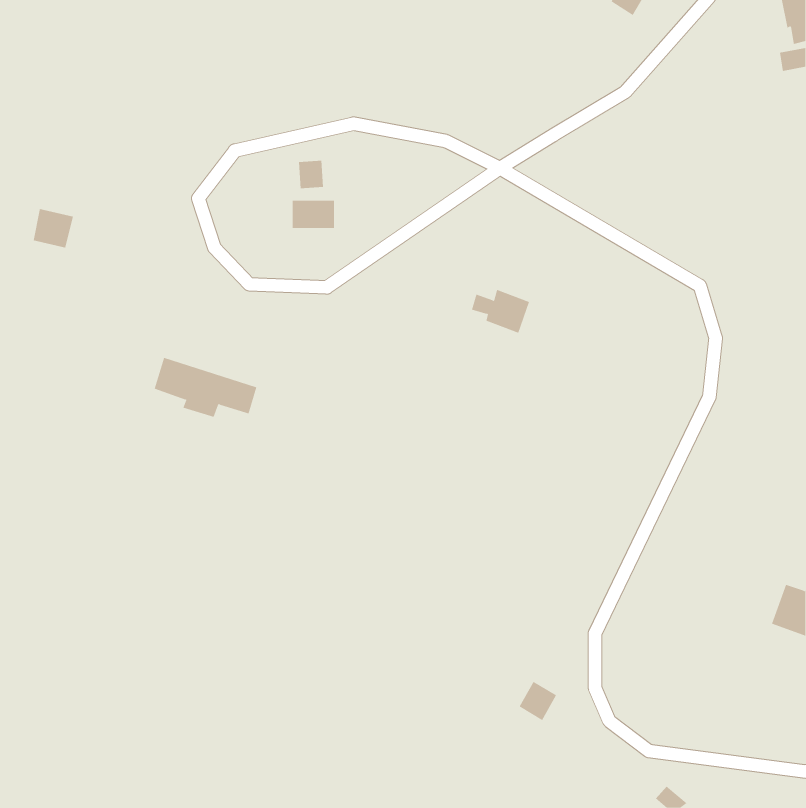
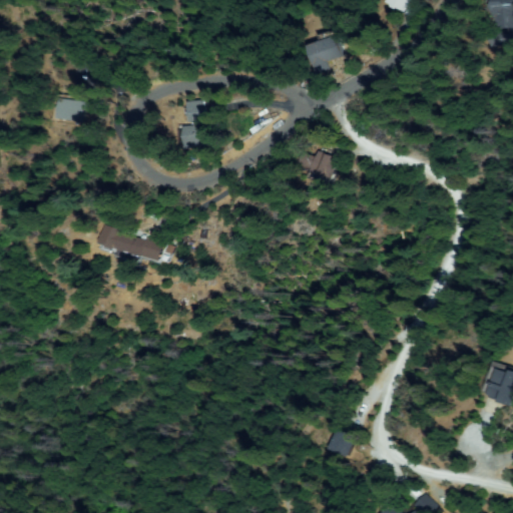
building: none -> [305,35,342,71]
building: [33,209,74,248] -> [57,96,83,121]
building: [471,289,530,334] -> [299,150,336,178]

